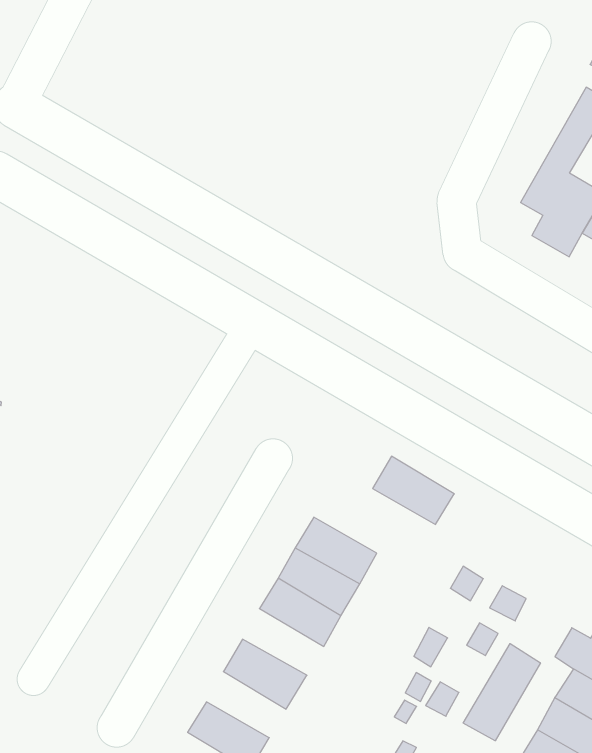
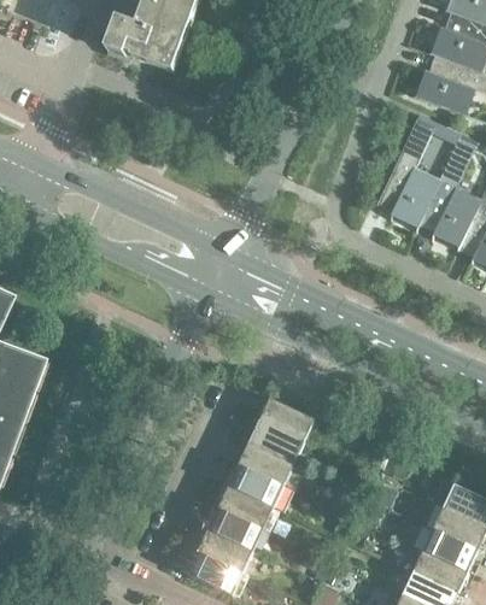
building: [373,456,454,524] -> [260,397,316,440]
building: none -> [219,484,275,527]
building: [463,644,540,741] -> none
building: none -> [199,529,253,571]

